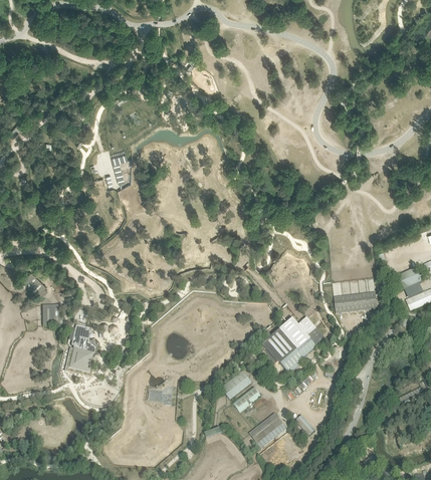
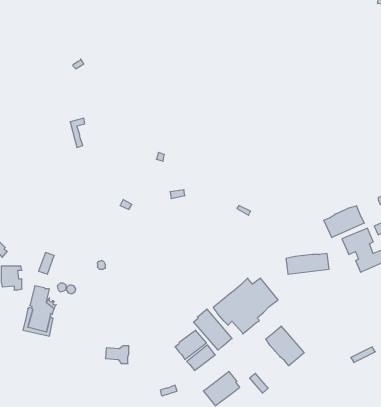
building: none -> [324,206,364,238]
building: none -> [194,309,232,350]
building: none -> [266,326,304,366]

